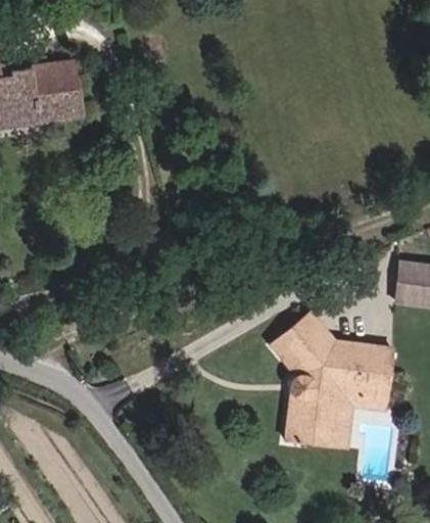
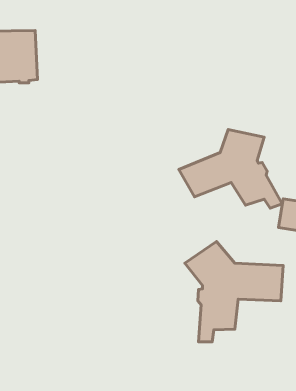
building: none -> [179,130,282,208]
building: [304,392,391,448] -> none

